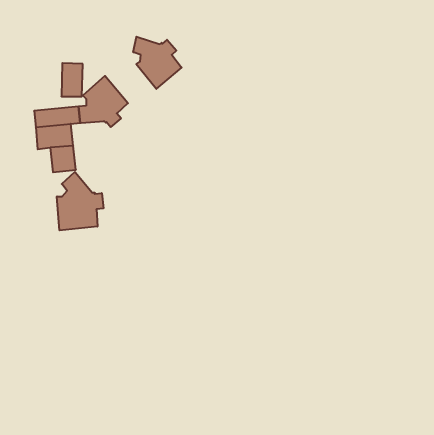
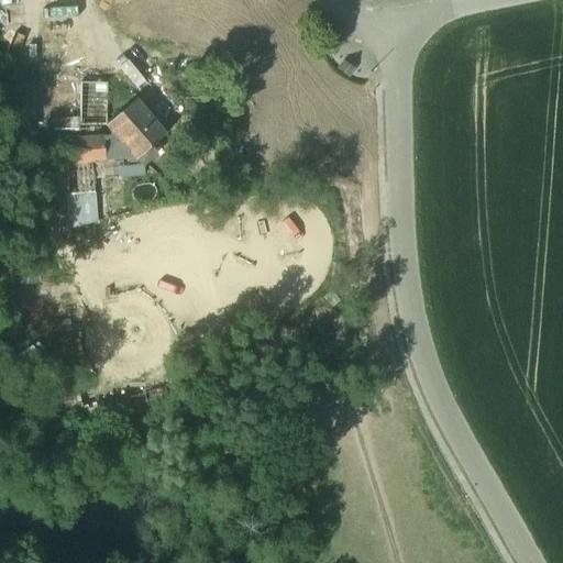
building: [133,37,182,89] -> none
building: [57,172,103,230] -> none

